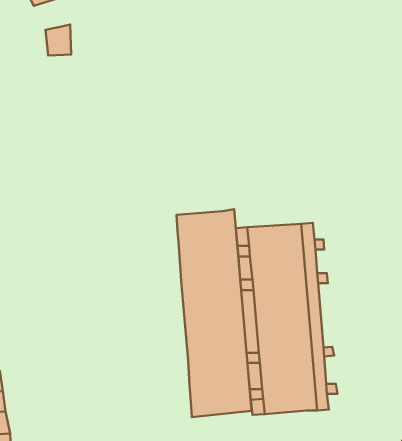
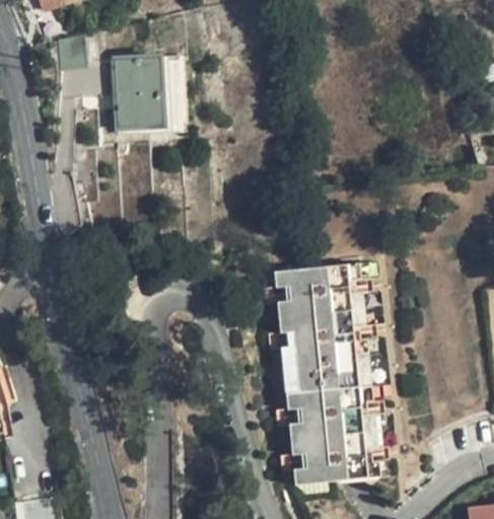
building: none -> [110,57,180,133]
building: [177,209,251,417] -> none

